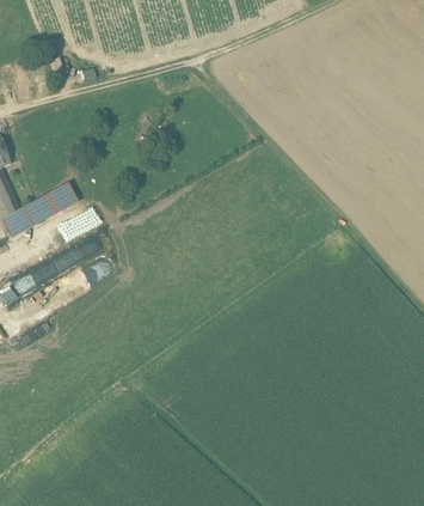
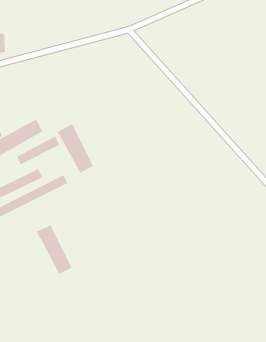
building: none -> [57,123,94,174]
building: none -> [36,224,73,275]

